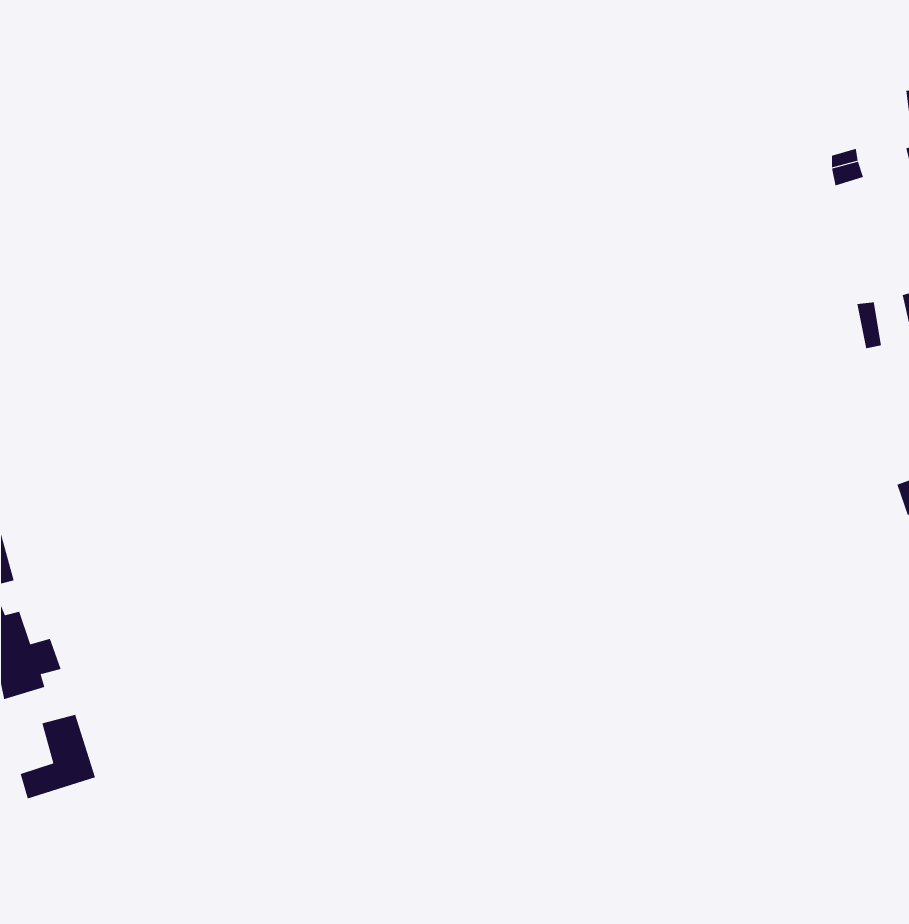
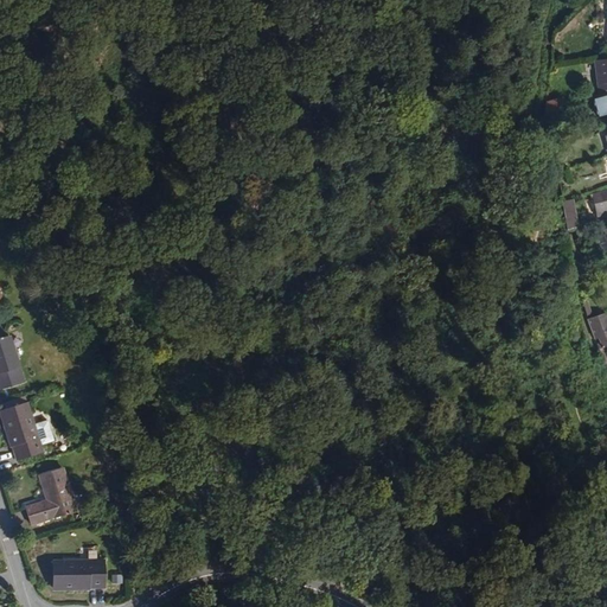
building: none -> [50,561,102,590]

